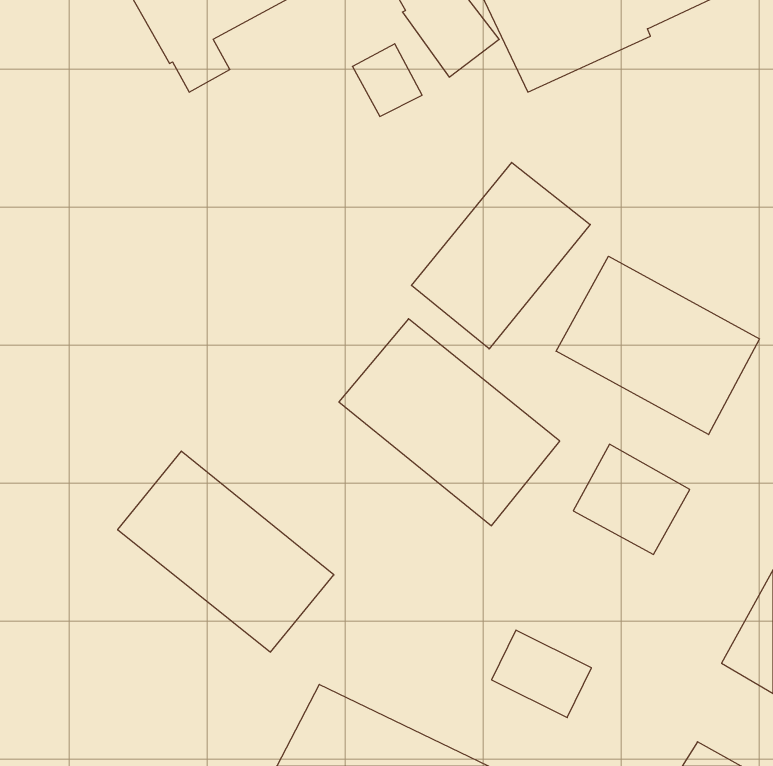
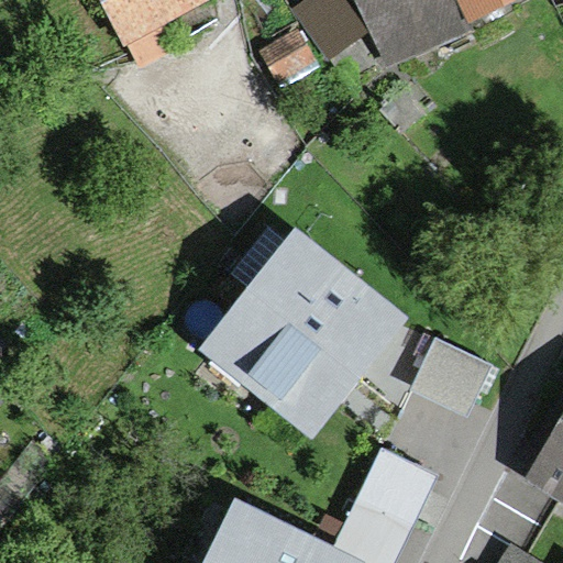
building: [411,162,590,349] -> none
building: [556,256,759,435] -> none
building: [118,451,334,652] -> [200,292,357,439]

